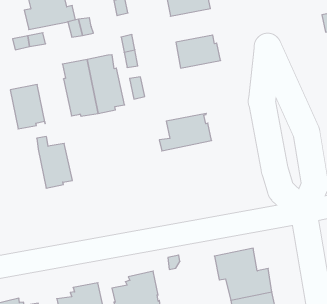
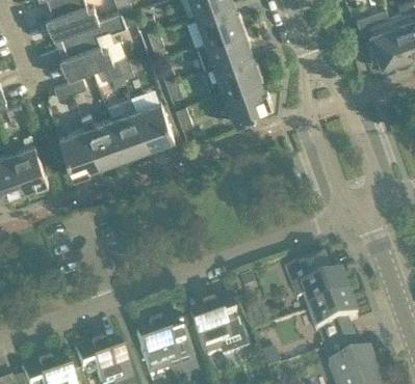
building: none -> [198,27,252,68]
building: [159,113,212,151] -> [221,77,273,120]
building: [37,137,72,188] -> [82,114,124,165]

